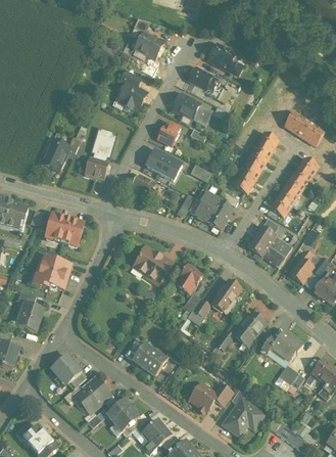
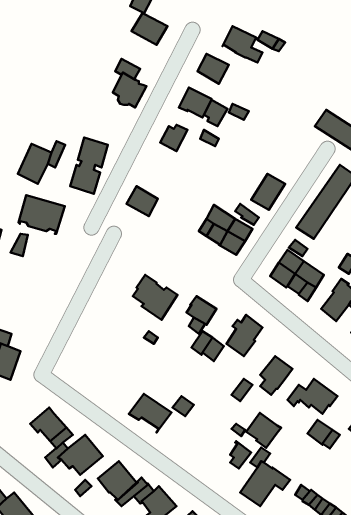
building: [245,131,278,172] -> none
building: [144,148,182,181] -> none
building: [46,215,84,246] -> [19,195,65,234]
building: [31,257,71,289] -> none
building: [189,383,218,412] -> [246,413,281,448]

